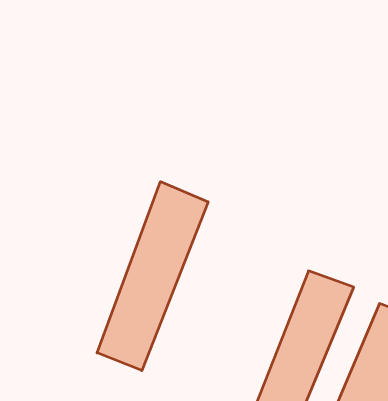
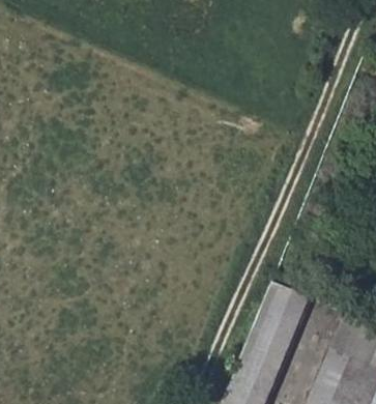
building: [97,182,208,371] -> none

